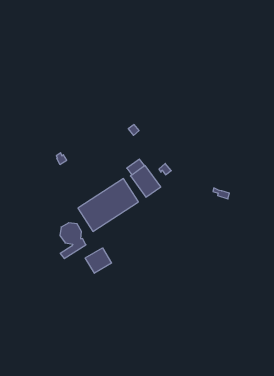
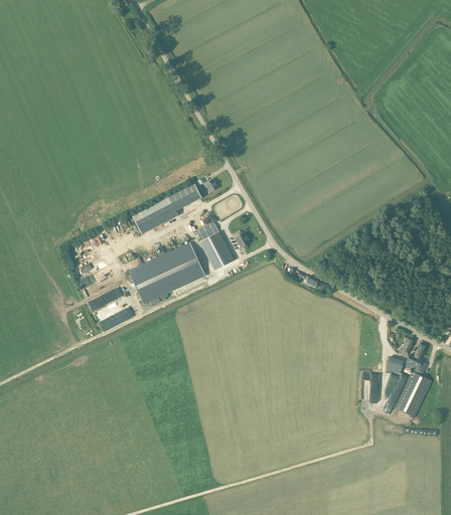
building: none -> [132,183,201,232]
building: [85,248,112,273] -> none

